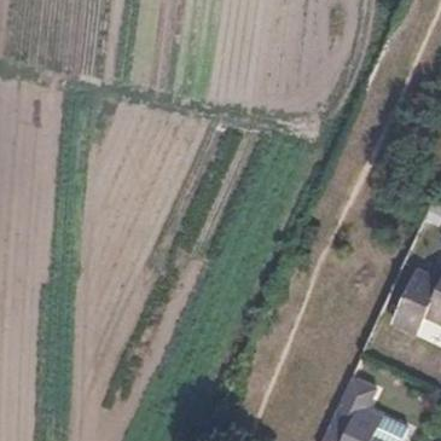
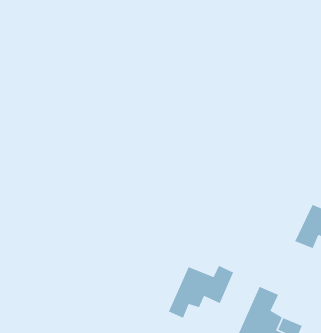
building: none -> [168,265,234,319]

